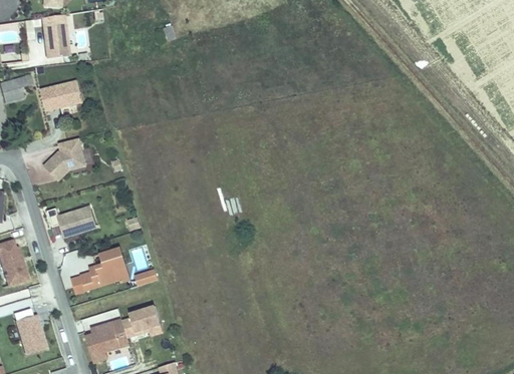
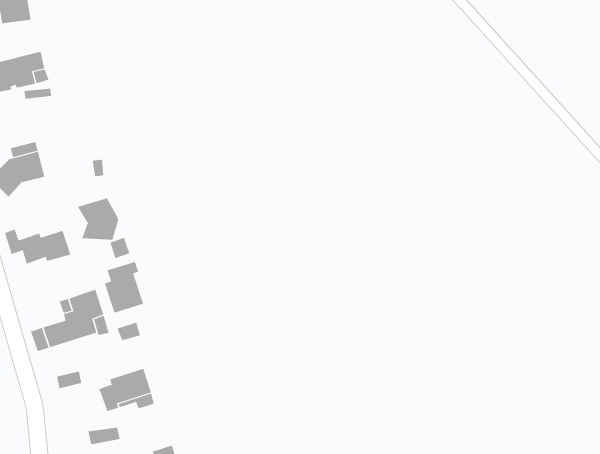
building: none -> [77,197,119,240]
building: none -> [104,261,144,314]
building: [86,321,128,364] -> none

